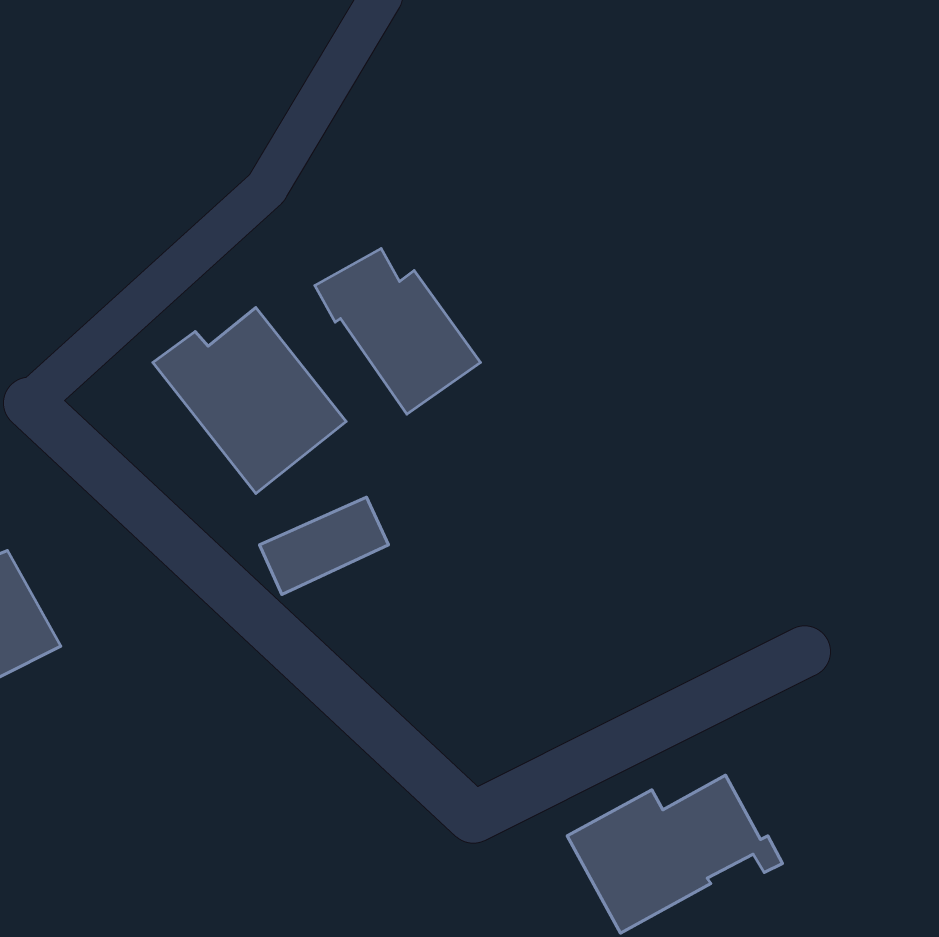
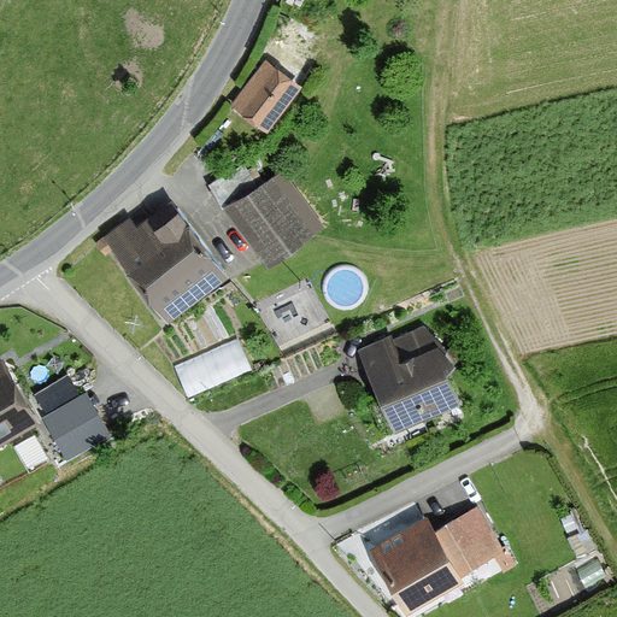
building: none -> [230,61,299,130]
building: none -> [357,325,462,430]
building: none -> [40,390,110,458]

